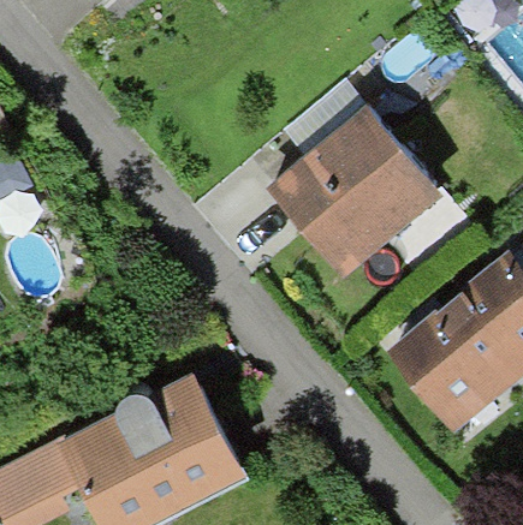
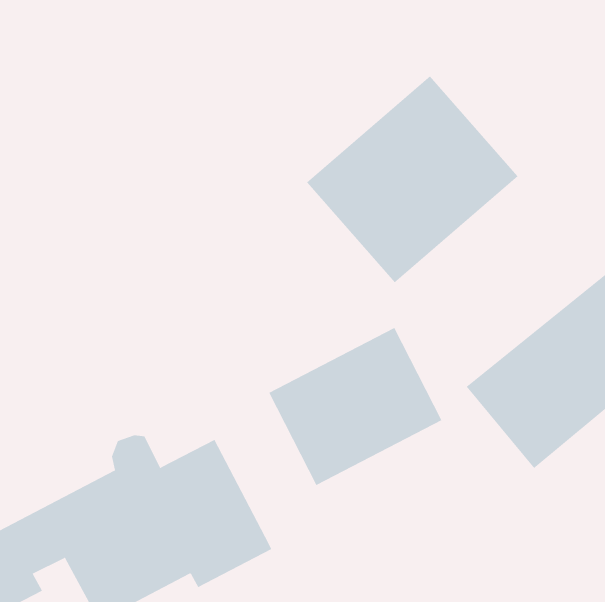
building: none -> [269,327,442,486]

